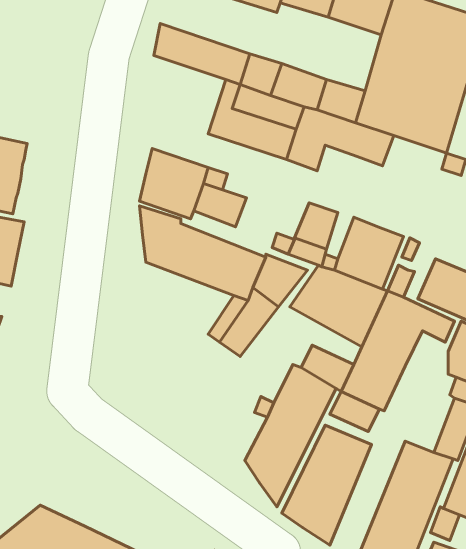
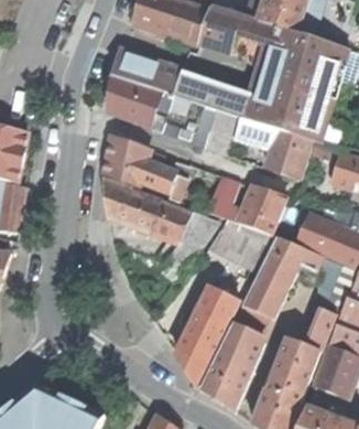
building: none -> [109,74,163,128]
building: none -> [265,129,312,179]

